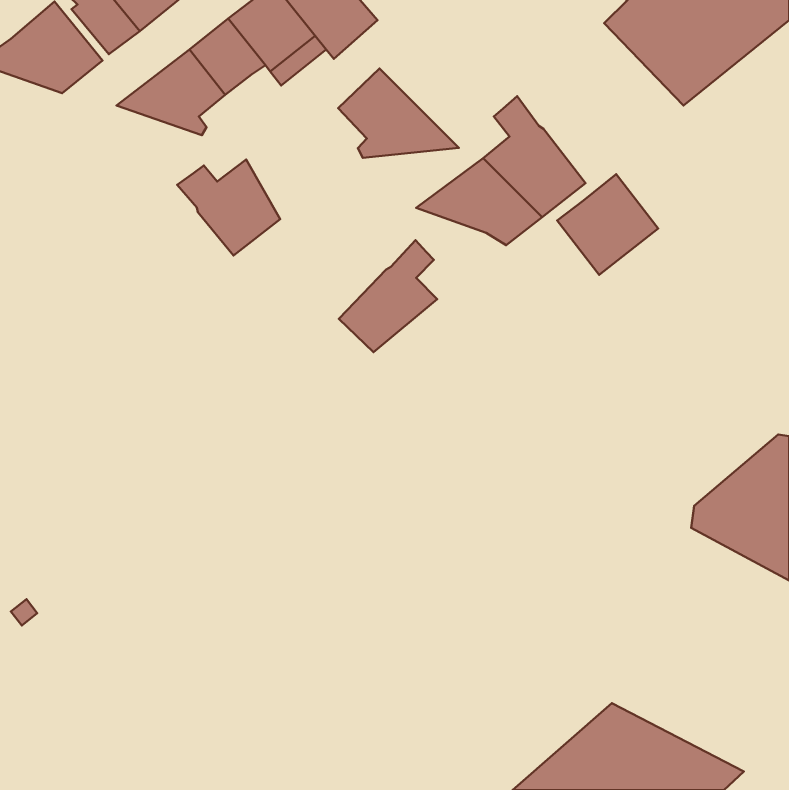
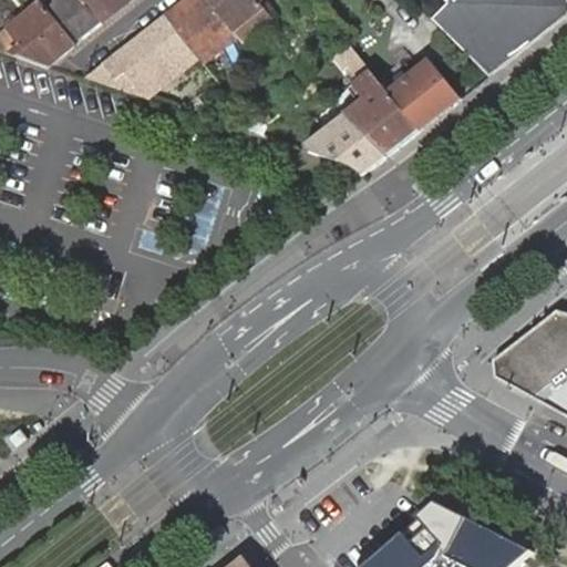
building: [338,69,459,158] -> none
building: [177,160,280,256] -> none
building: [557,174,658,275] -> [388,59,460,131]
building: [339,240,437,352] -> none

